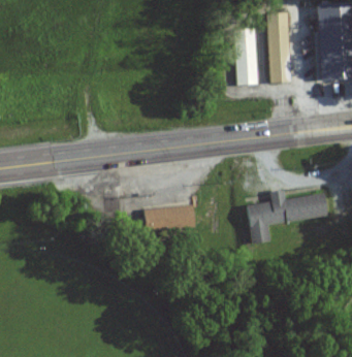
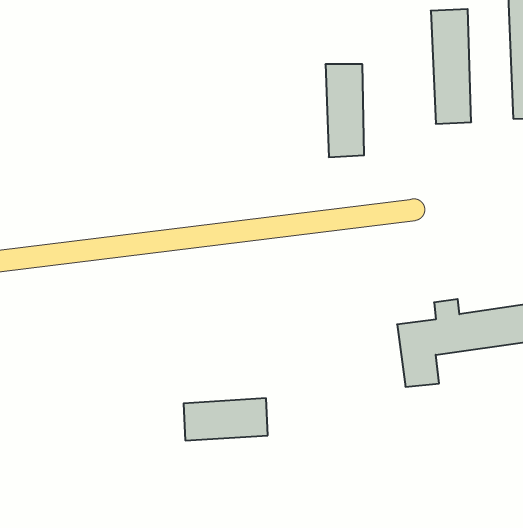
building: [234,29,258,86] -> [325,64,364,157]
building: [142,205,194,231] -> [184,398,268,440]

